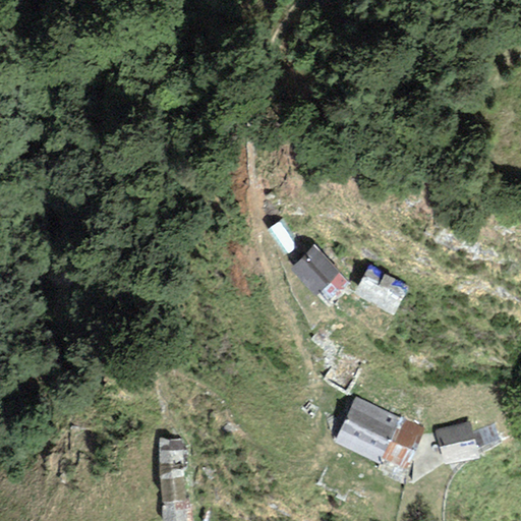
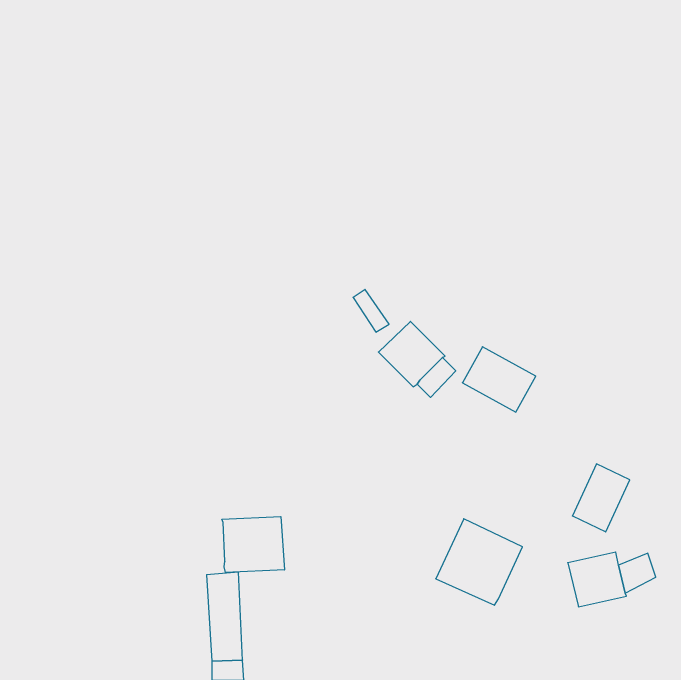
building: none -> [222,517,284,573]
building: [381,417,424,469] -> [572,464,630,532]

